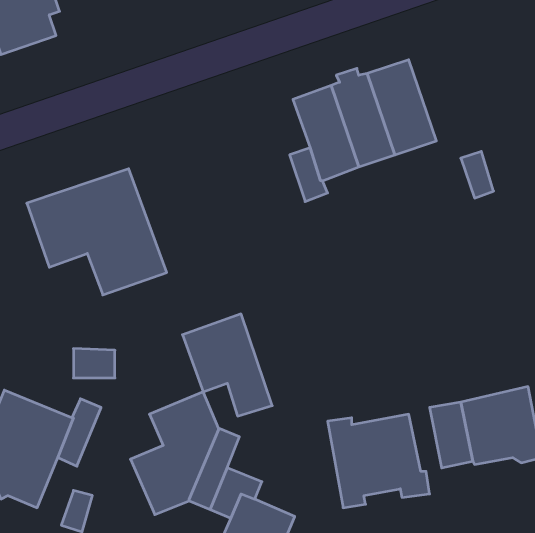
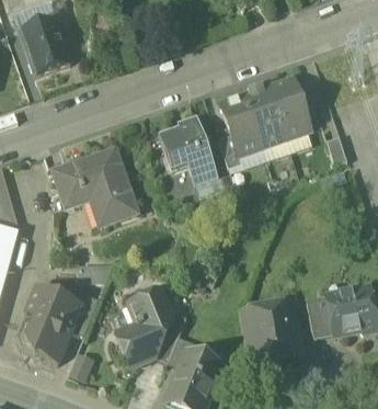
building: [182,314,272,416] -> [159,121,216,185]

